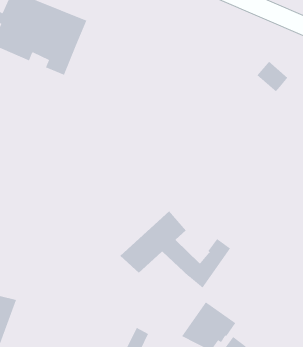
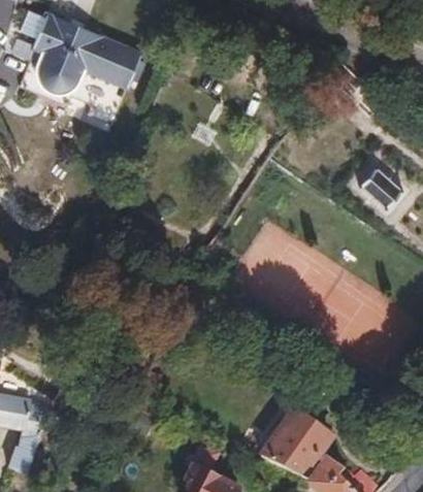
building: [257,61,288,92] -> [361,166,401,206]
building: [120,211,231,288] -> none

